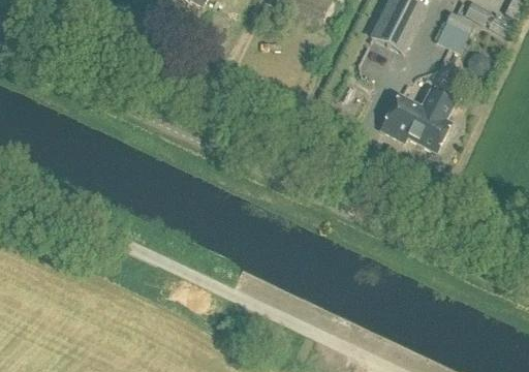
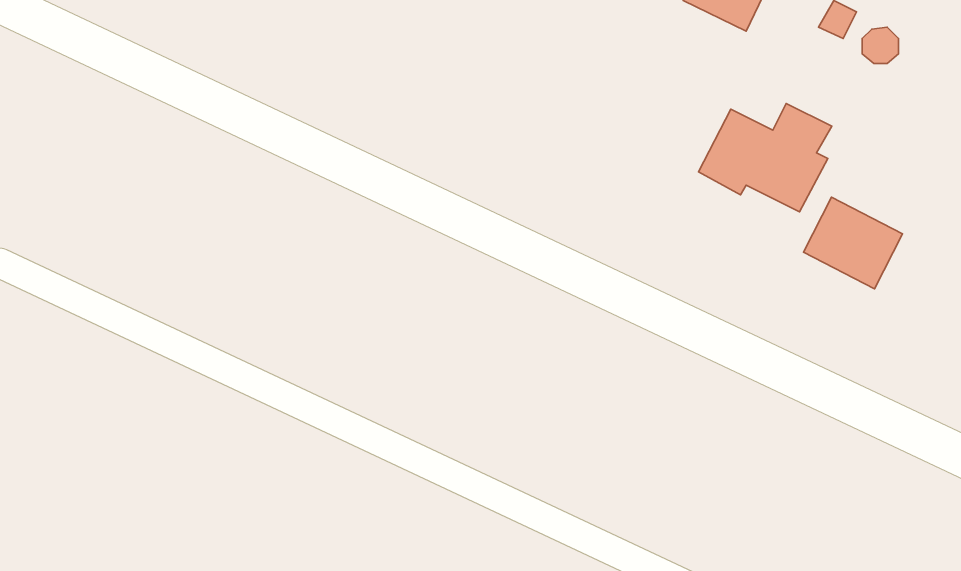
building: none -> [803,197,902,289]

